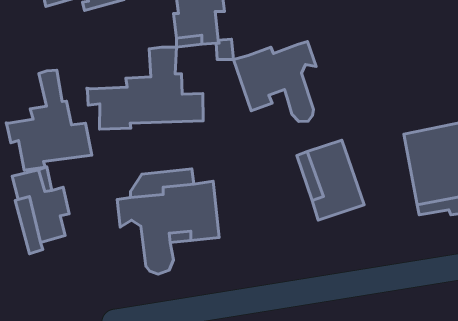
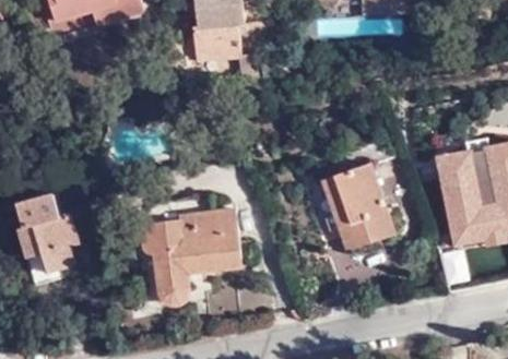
building: [234,42,316,121] -> none
building: [87,47,203,129] -> none
building: [6,70,92,170] -> none

